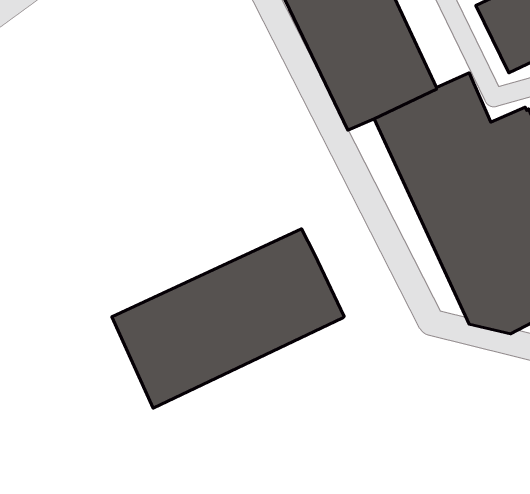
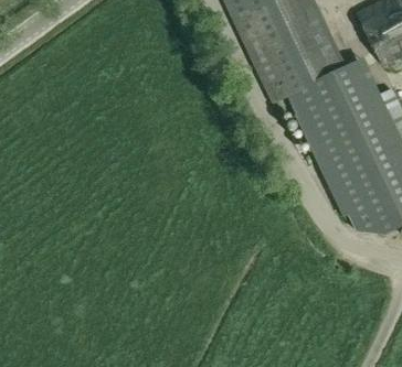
building: [112,229,344,408] -> none

